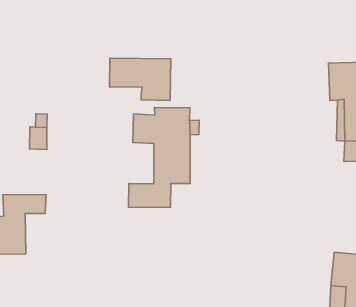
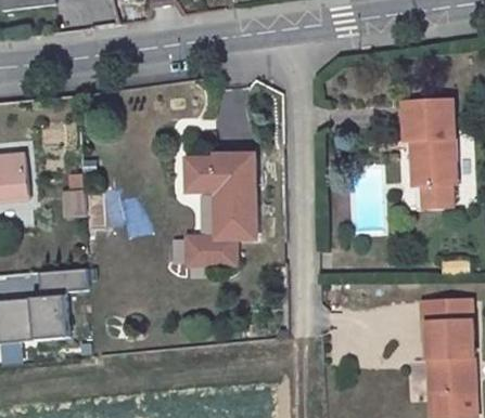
building: [109,58,171,100] -> none

